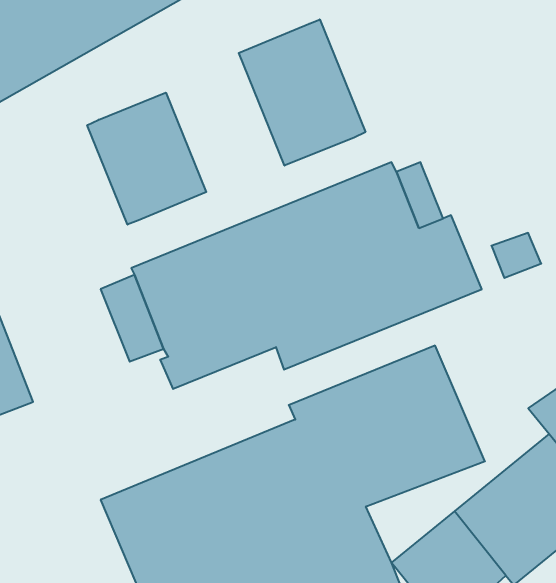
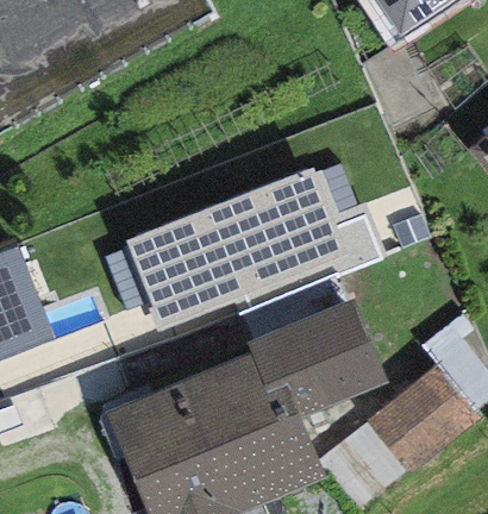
building: [239,19,365,166] -> none
building: [87,93,206,225] -> none

